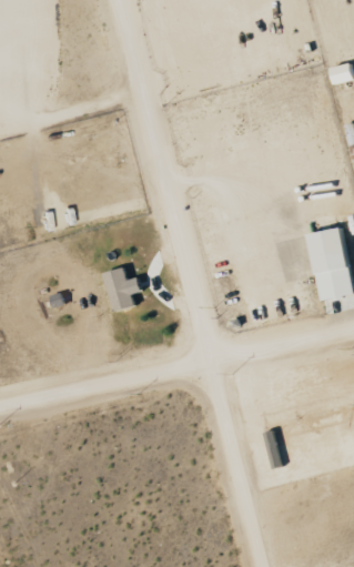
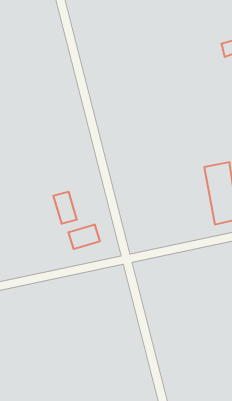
building: none -> [69,224,100,249]

